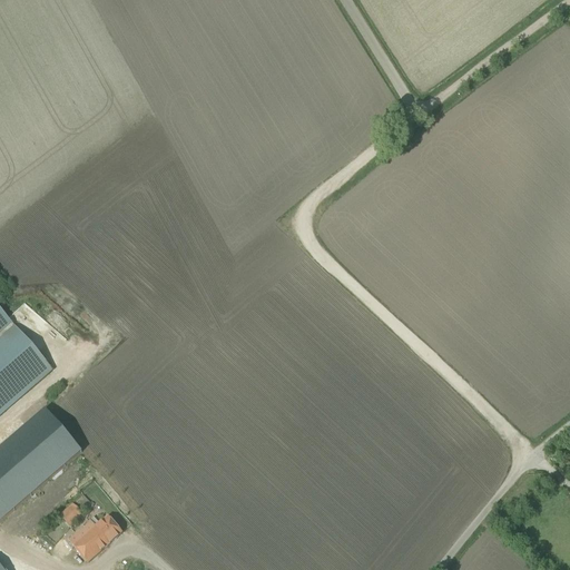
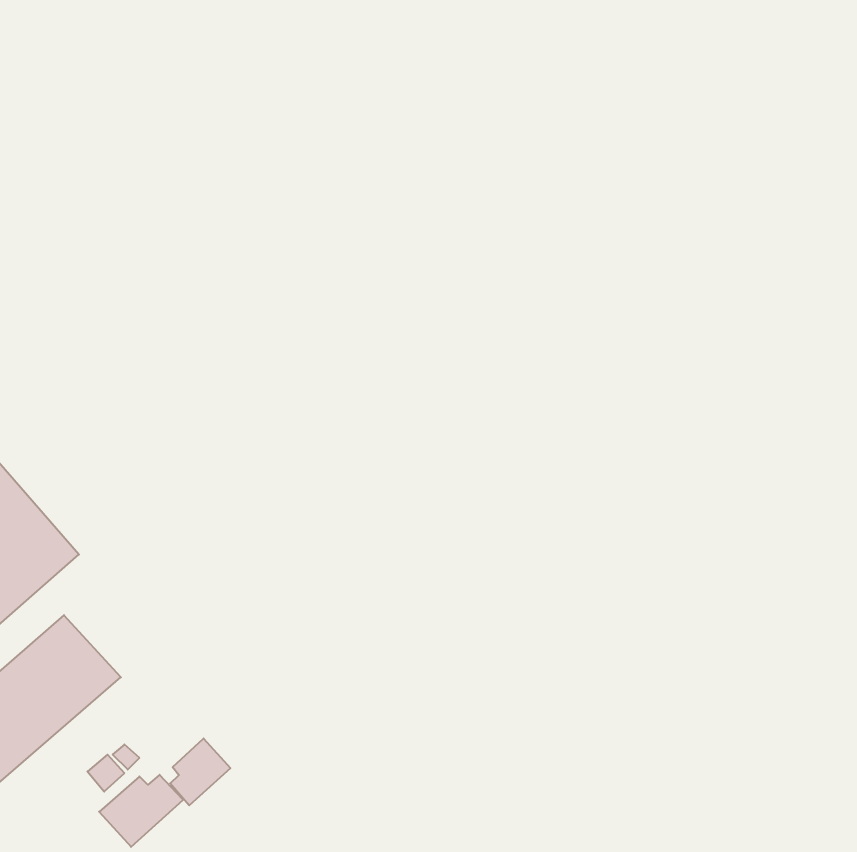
building: none -> [170,738,230,805]

